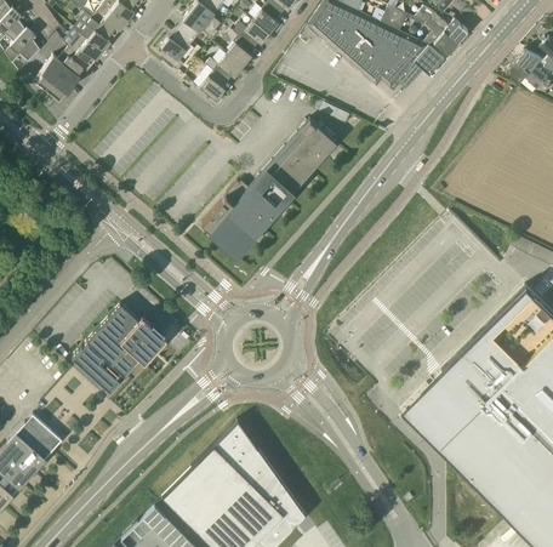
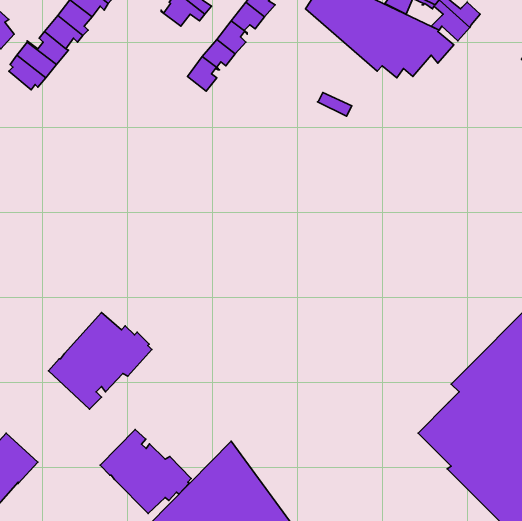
building: [161,29,194,70] -> none
building: [203,120,336,256] -> none
building: none -> [100,430,191,513]

